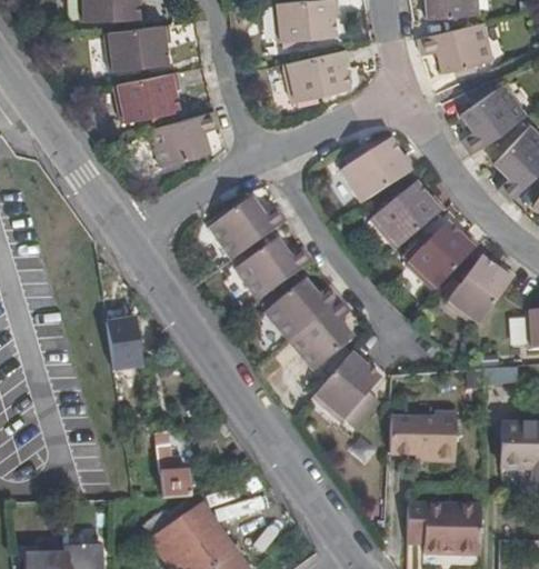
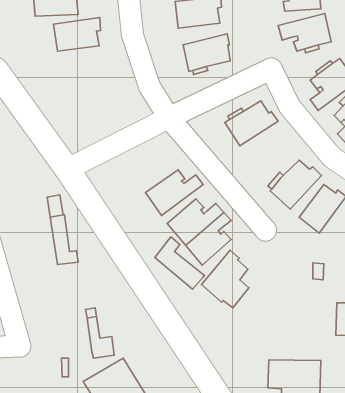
building: [116,73,181,123] -> none
building: [151,110,222,167] -> none
building: [373,184,448,250] -> none
building: [210,198,290,261] -> none
building: none -> [155,237,204,289]
building: [387,408,453,457] -> none

